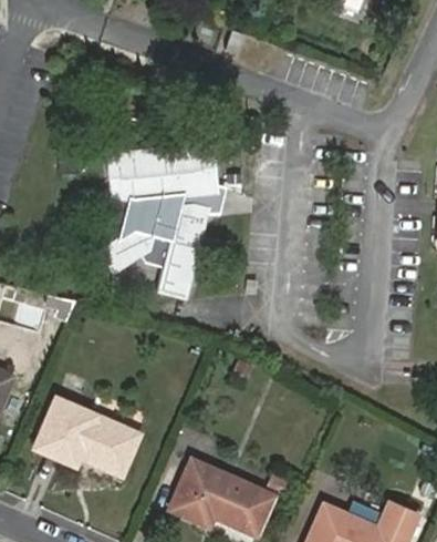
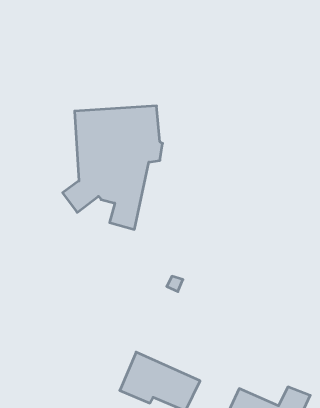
building: [33,398,136,472] -> none

